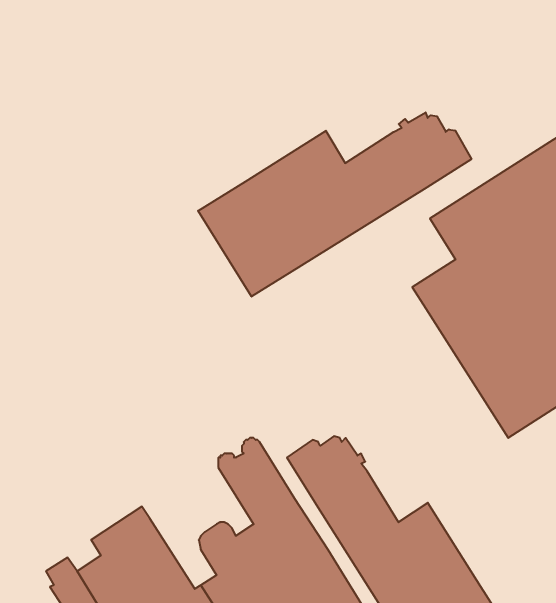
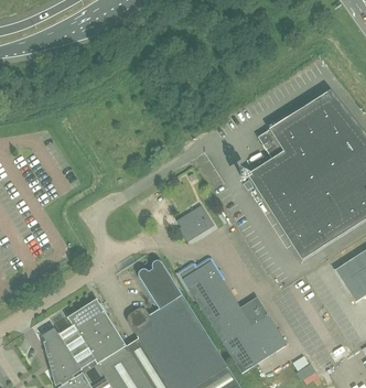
building: [198,112,471,297] -> none
building: none -> [181,204,214,241]

